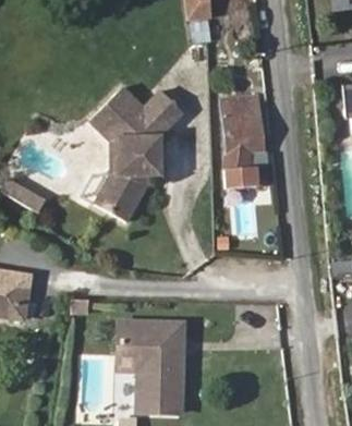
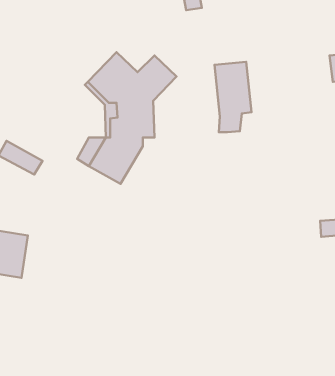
building: [118,321,184,413] -> none

